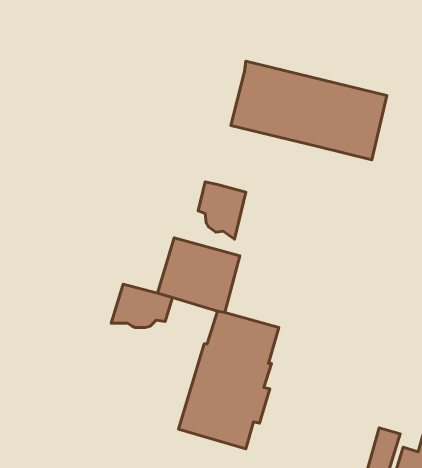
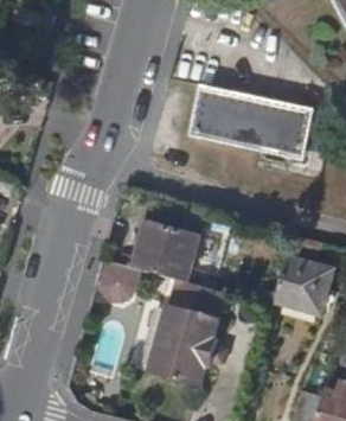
building: [198,182,246,239] -> none
building: none -> [275,253,332,308]

